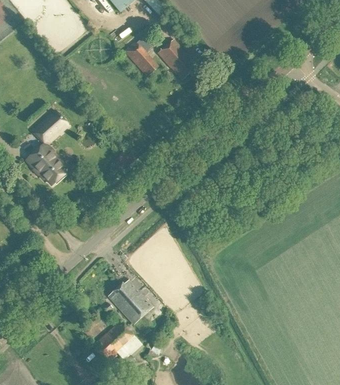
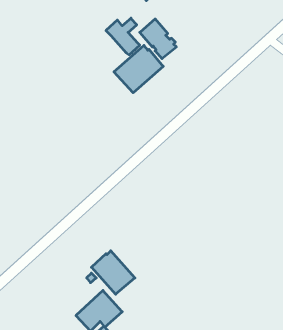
building: none -> [114,45,163,93]
building: [27,110,69,184] -> none

